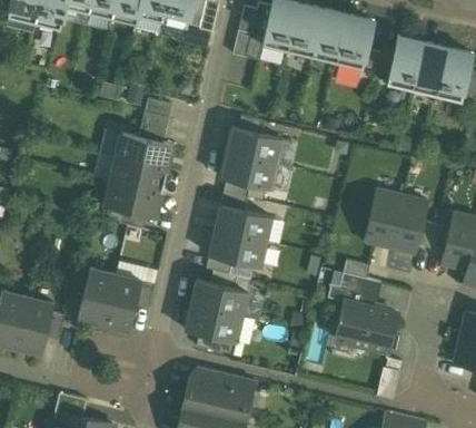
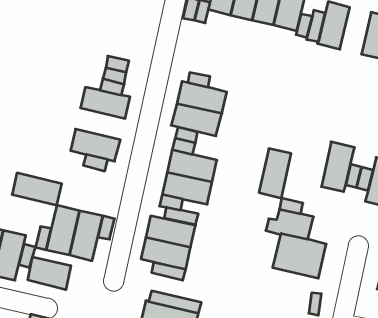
building: [411,42,447,96] -> none
building: [110,157,167,194] -> [12,173,62,205]
building: [365,191,401,247] -> [259,149,291,198]
building: none -> [28,257,71,290]

